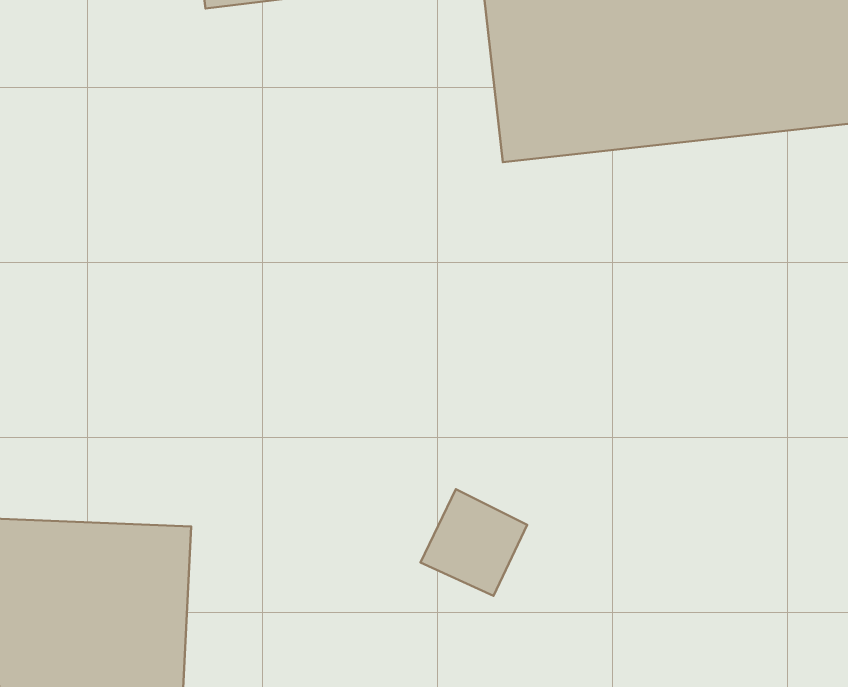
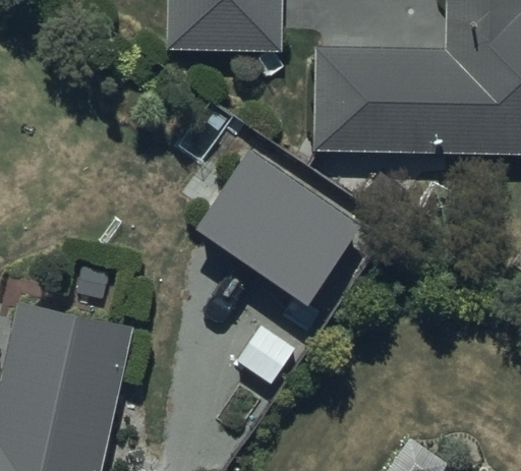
building: none -> [190,143,358,302]

